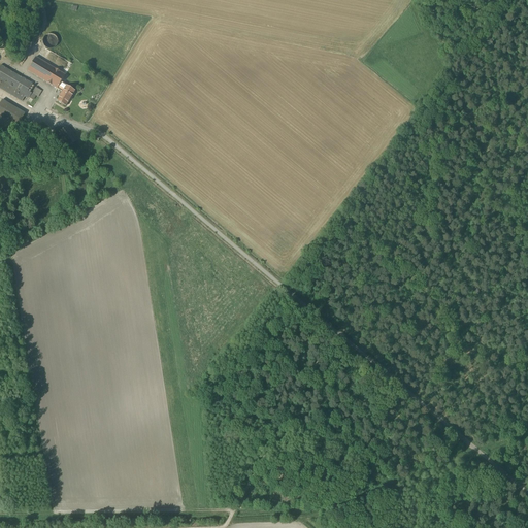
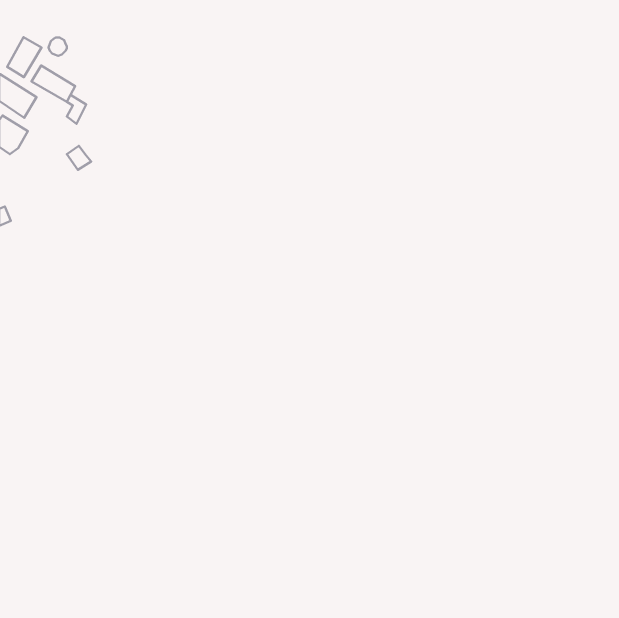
building: none -> [7,37,41,77]

